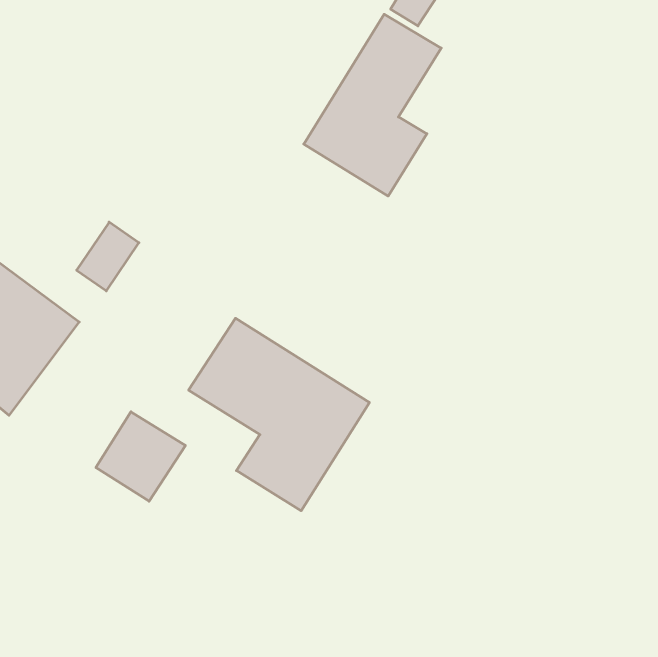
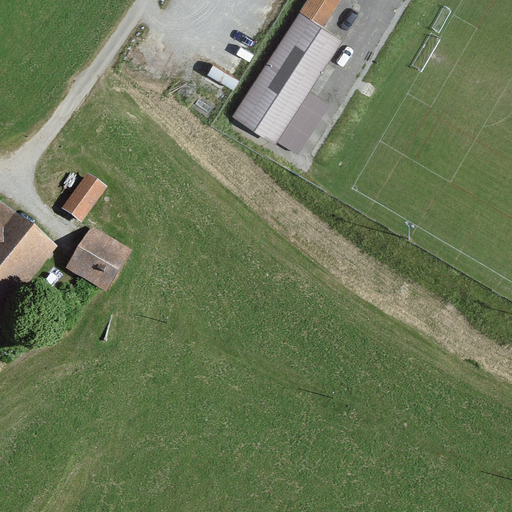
building: [189,318,369,511] -> none
building: [96,412,185,501] -> [65,226,134,295]

